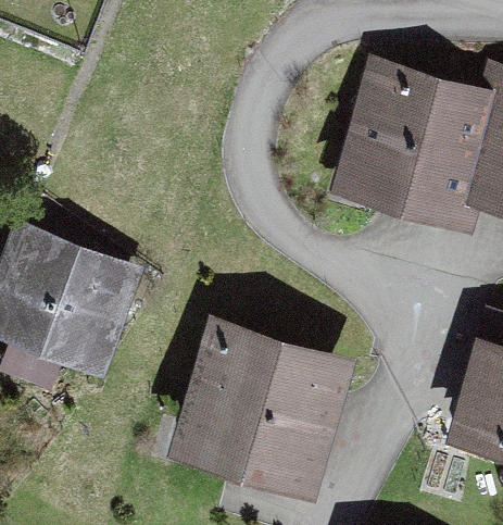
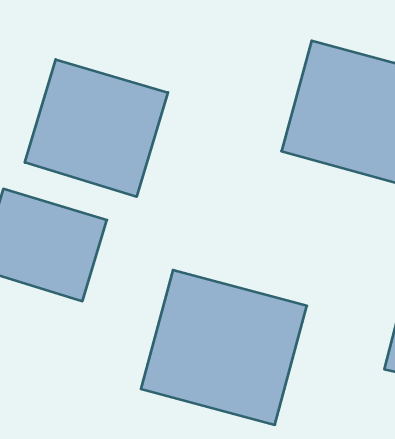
building: none -> [25,59,168,197]

